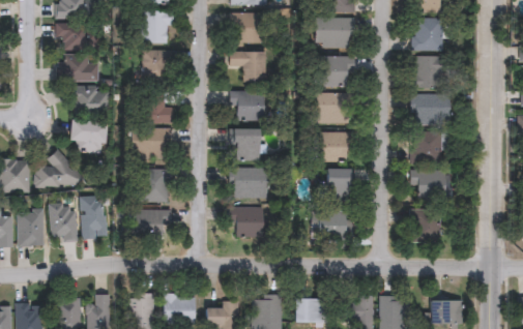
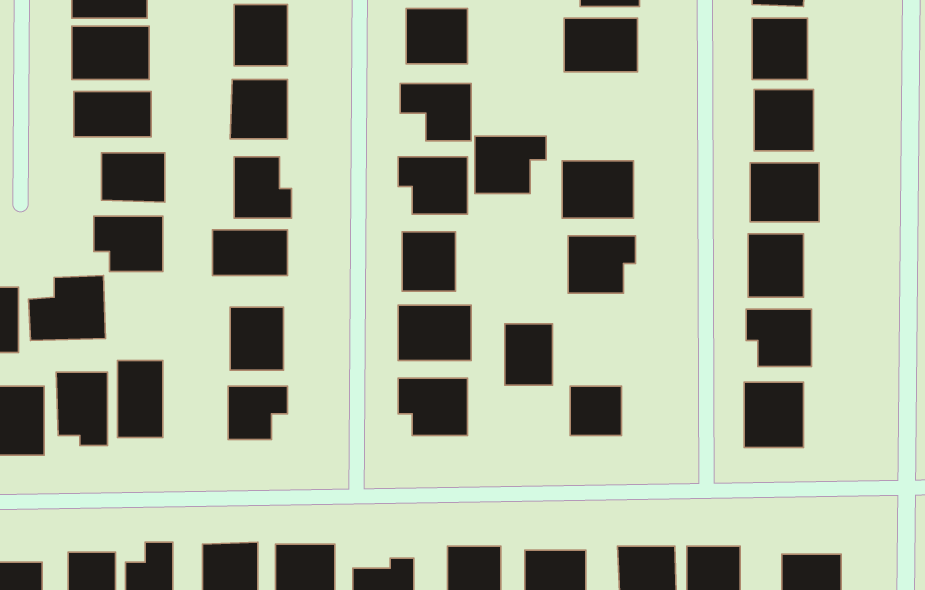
building: [317,57,354,87] -> [475,136,546,194]
building: [324,170,349,202] -> [505,324,552,385]

